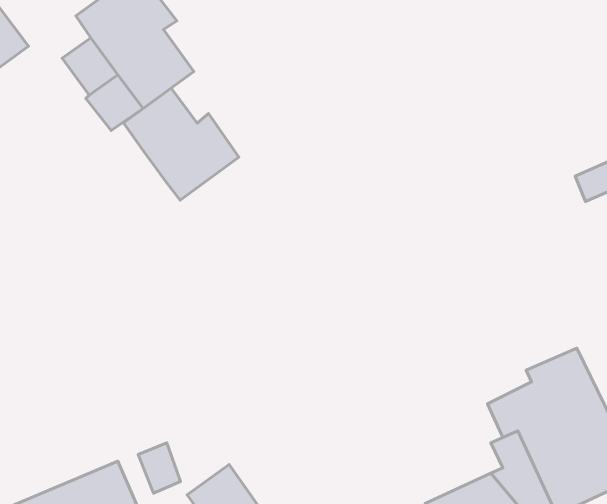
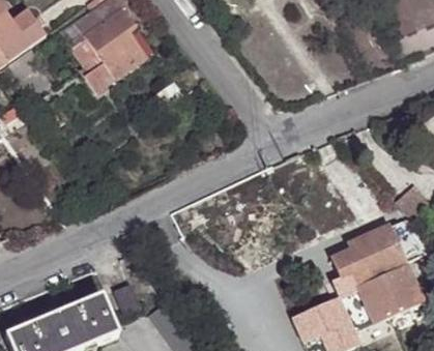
building: [124,88,239,200] -> none

